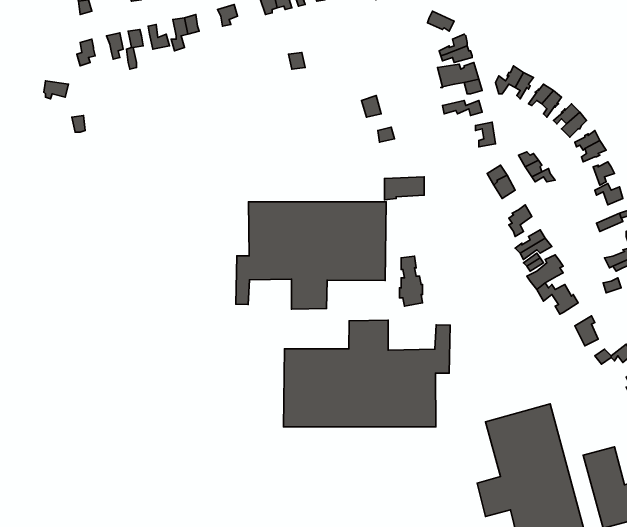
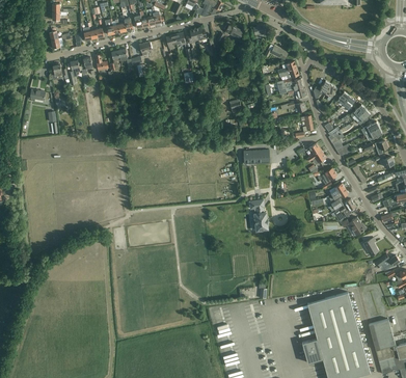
building: [236,202,386,309] -> none
building: [283,320,450,427] -> none

